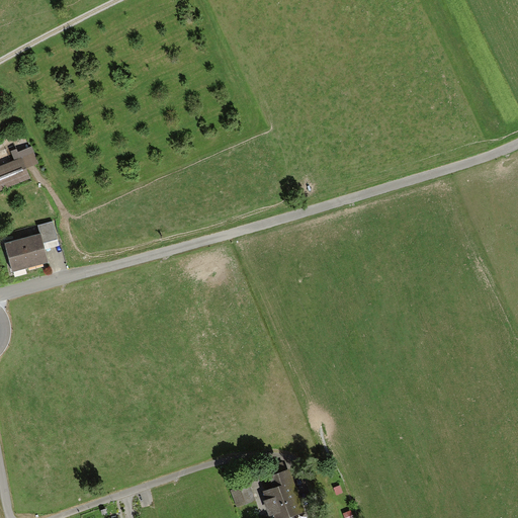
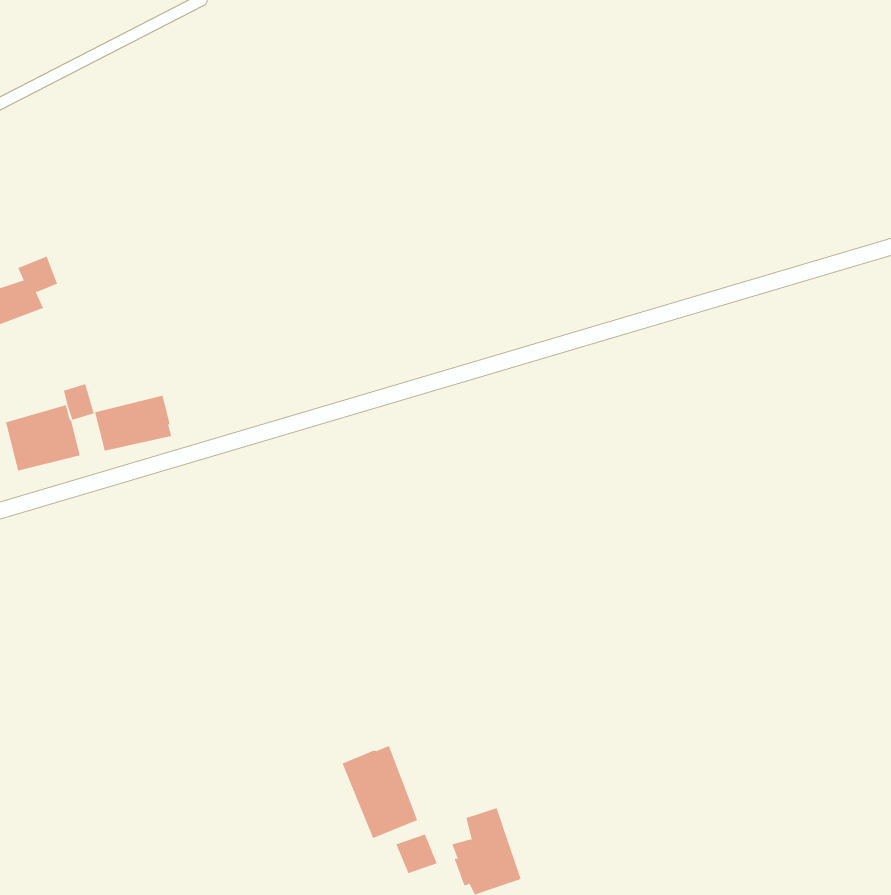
building: none -> [95,395,172,452]
building: none -> [342,745,418,839]

